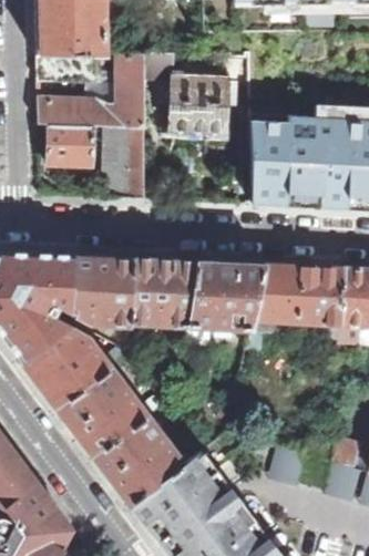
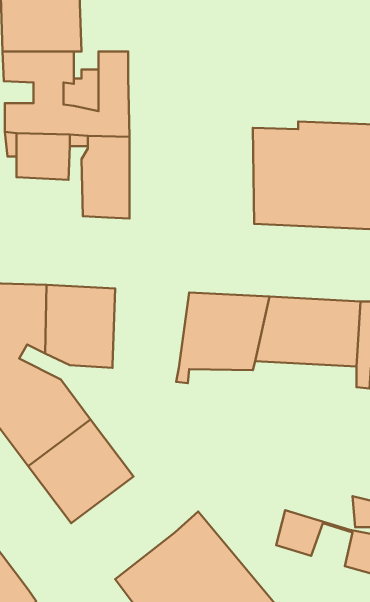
building: [144,52,227,133] -> none
building: [131,258,196,326] -> none
building: [95,419,184,506] -> none

